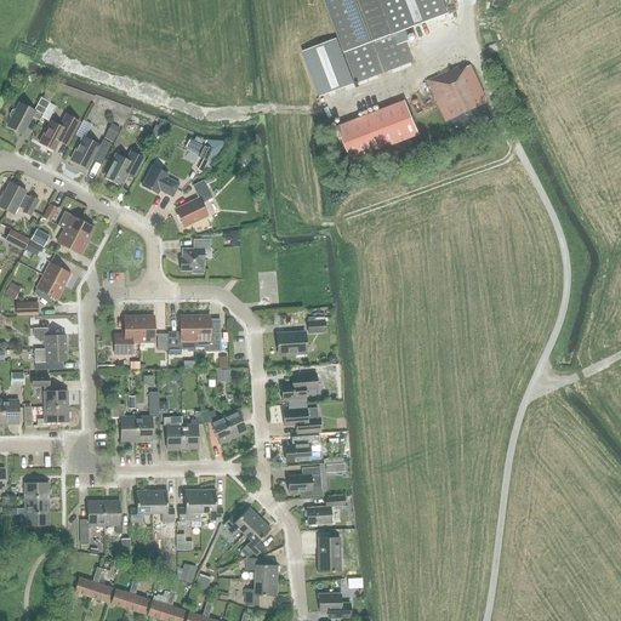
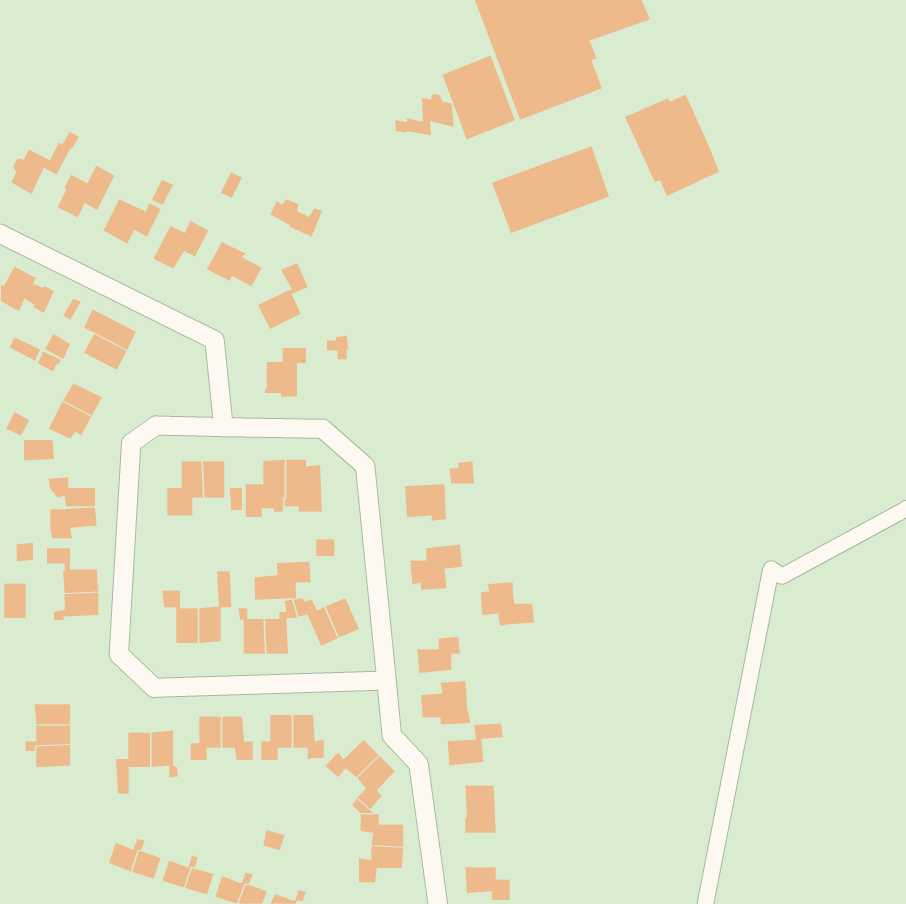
building: none -> [395,93,454,136]
building: none -> [254,561,311,601]
building: [283,403,320,433] -> [480,582,535,626]

